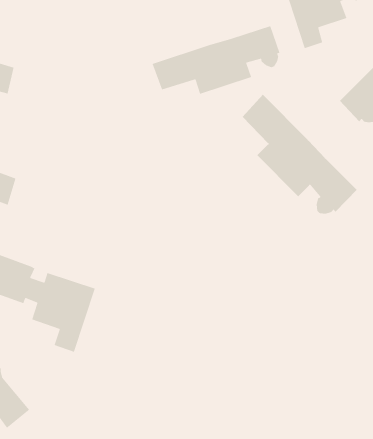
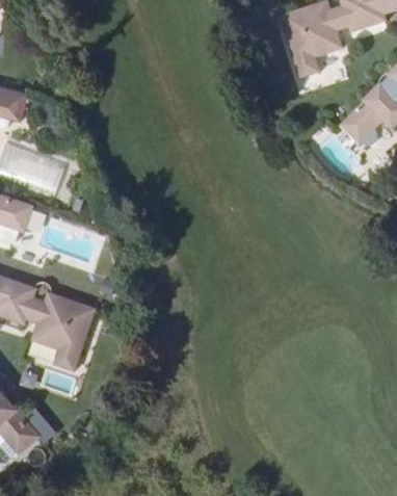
building: [151,25,281,95] -> none
building: [242,94,357,214] -> none

